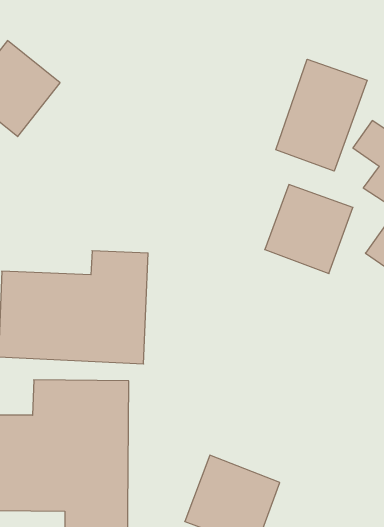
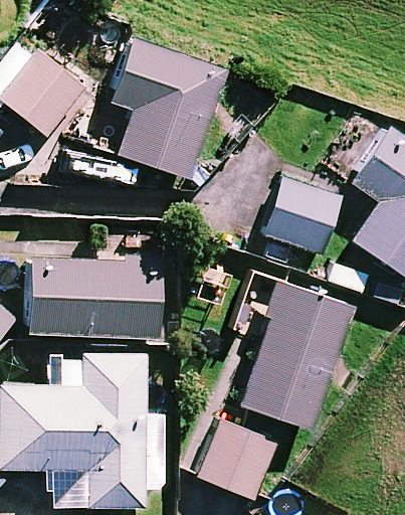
building: none -> [112,38,227,181]
building: [276,59,367,171] -> none
building: none -> [241,283,355,430]

